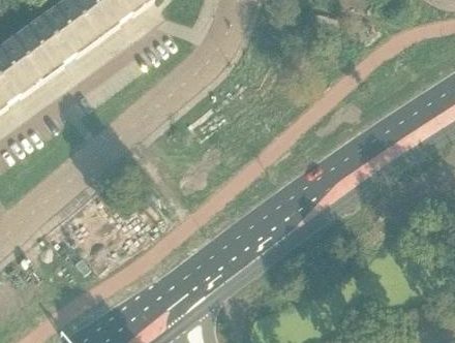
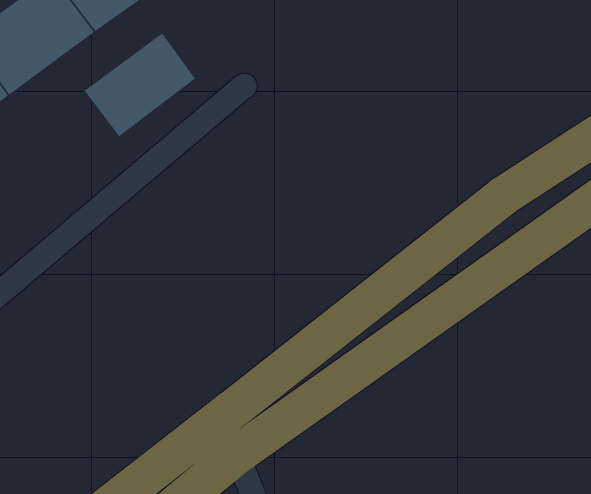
building: none -> [84,33,196,137]

